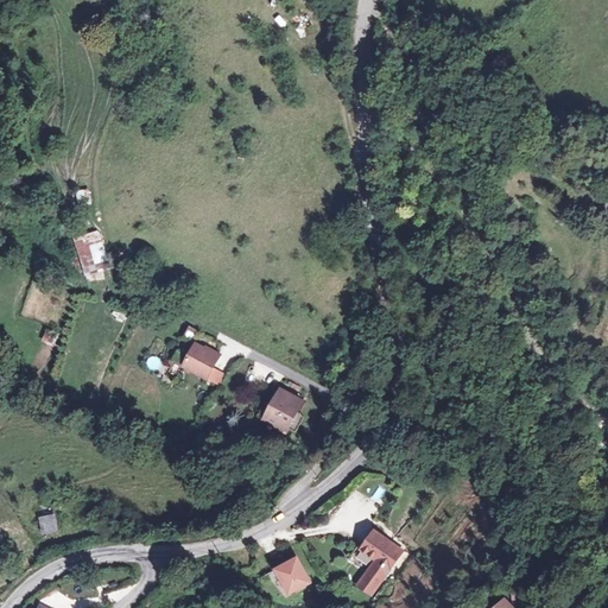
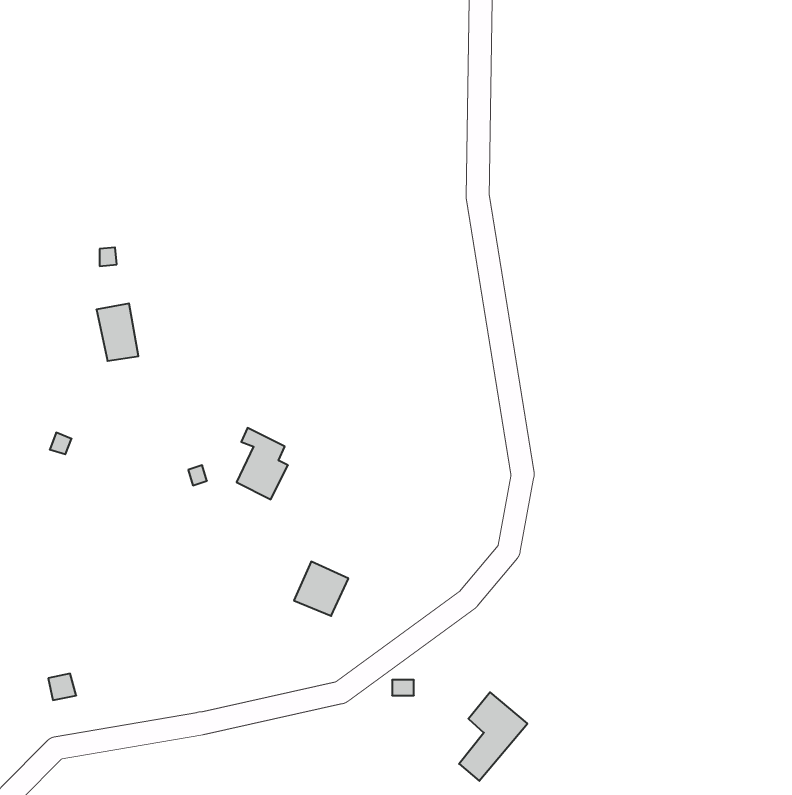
building: [262,388,304,430] -> [294,562,348,616]
building: [272,557,310,596] -> none

